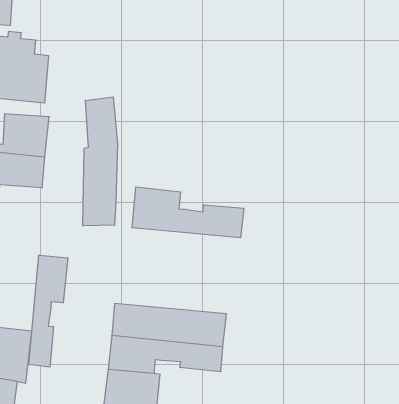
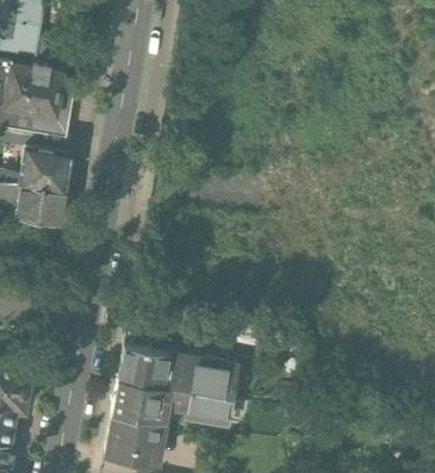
building: [83,97,117,226] -> none
building: [132,187,244,238] -> none
building: [29,255,68,367] -> none

